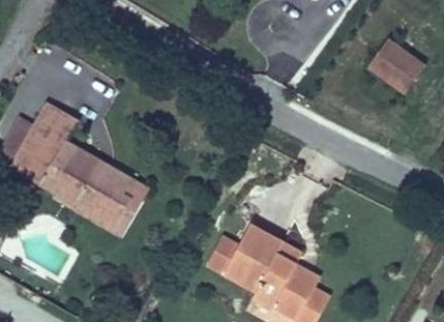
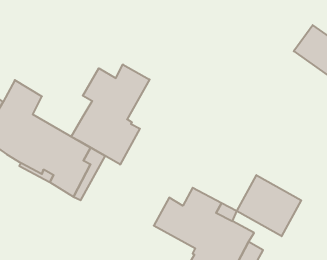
building: none -> [71,64,150,165]
building: none -> [237,175,301,236]

